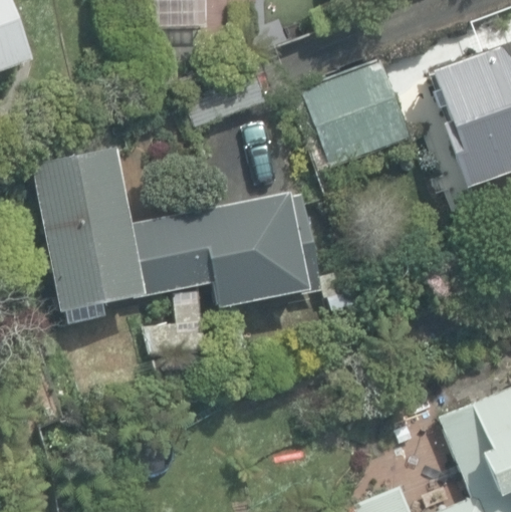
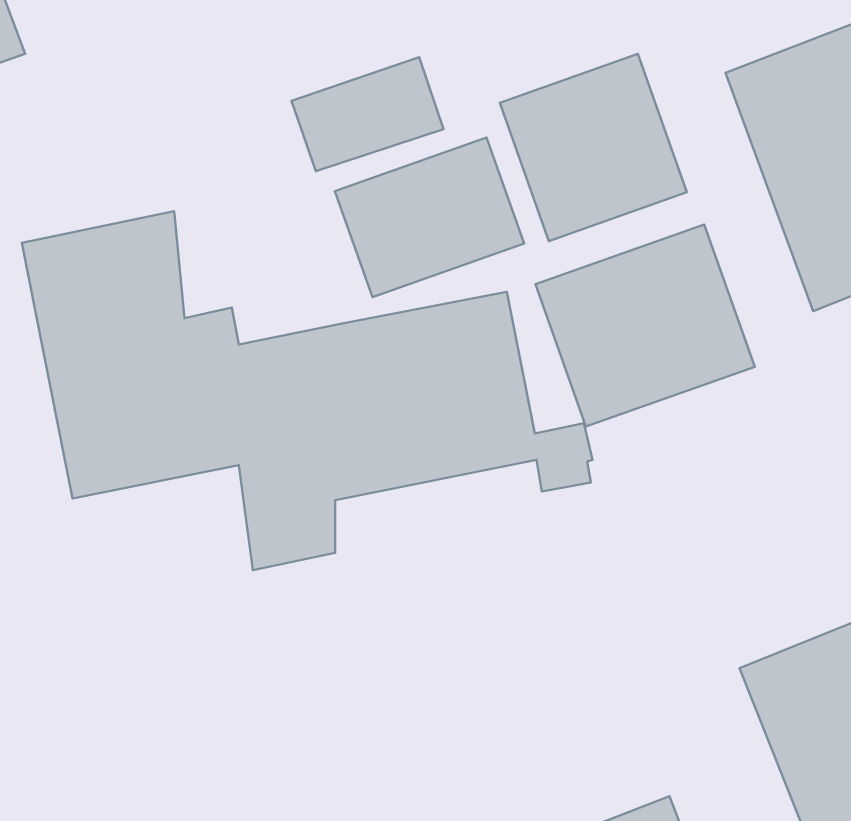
building: none -> [335,138,524,297]
building: none -> [535,224,755,427]

